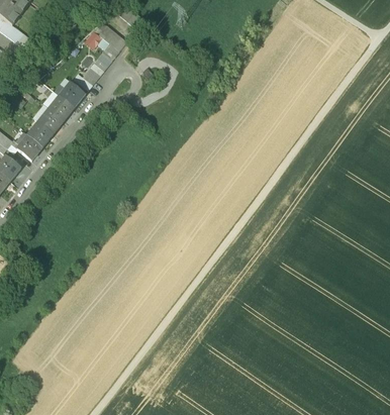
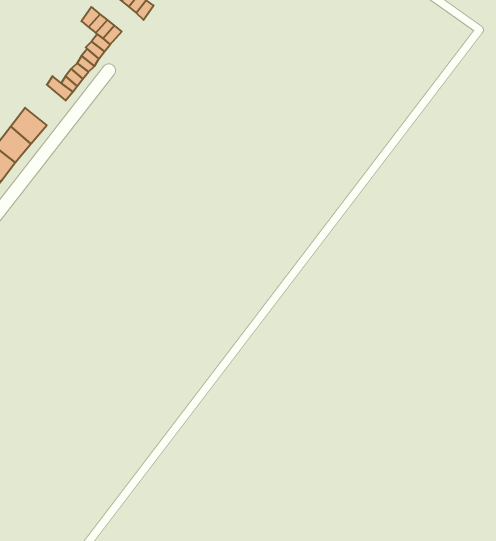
building: [55,82,84,107] -> none

